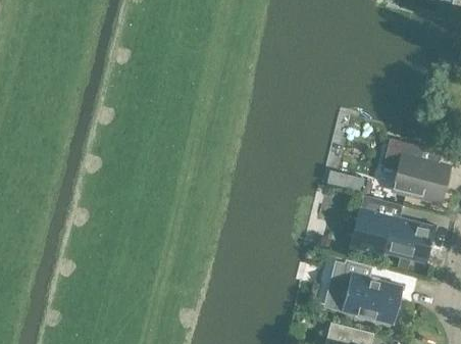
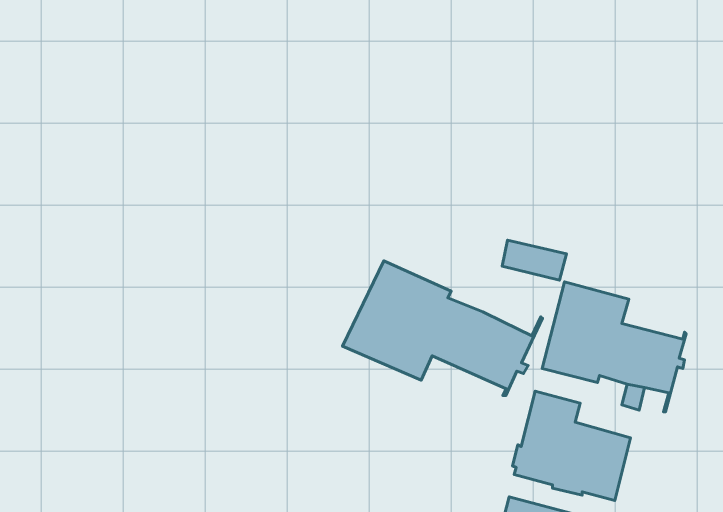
building: [385,139,451,200] -> none
building: none -> [343,261,543,396]

